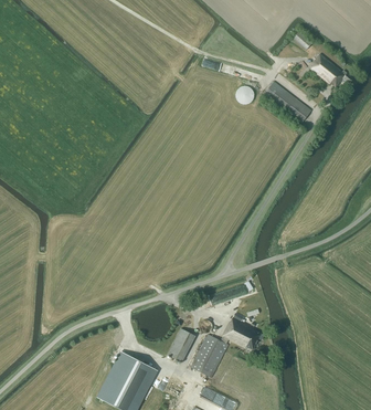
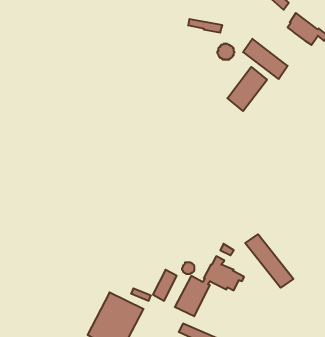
building: none -> [227,67,267,111]
building: none -> [245,234,293,288]

